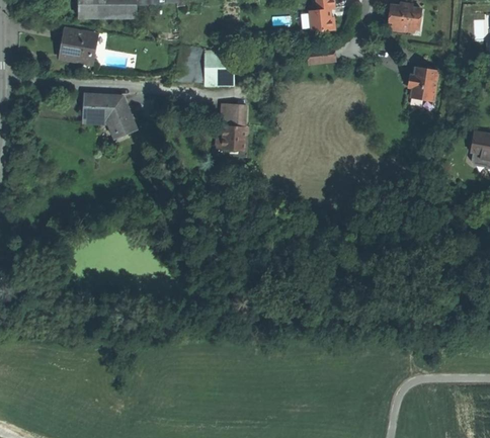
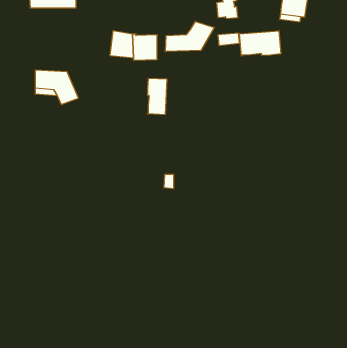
building: [62,29,96,62] -> none
building: none -> [166,21,214,52]
building: none -> [240,31,281,56]
building: [410,68,439,100] -> none

